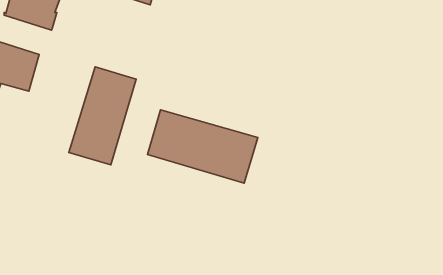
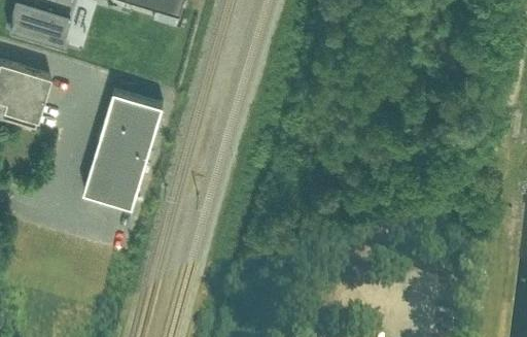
building: [147,110,258,183] -> none

